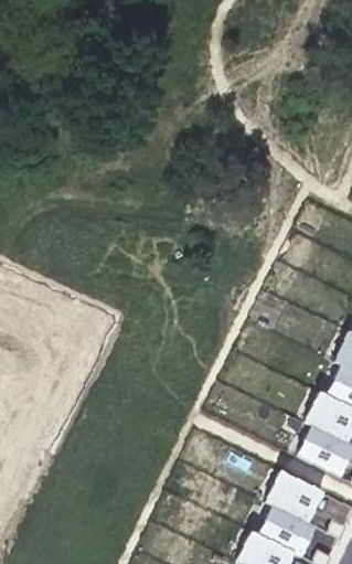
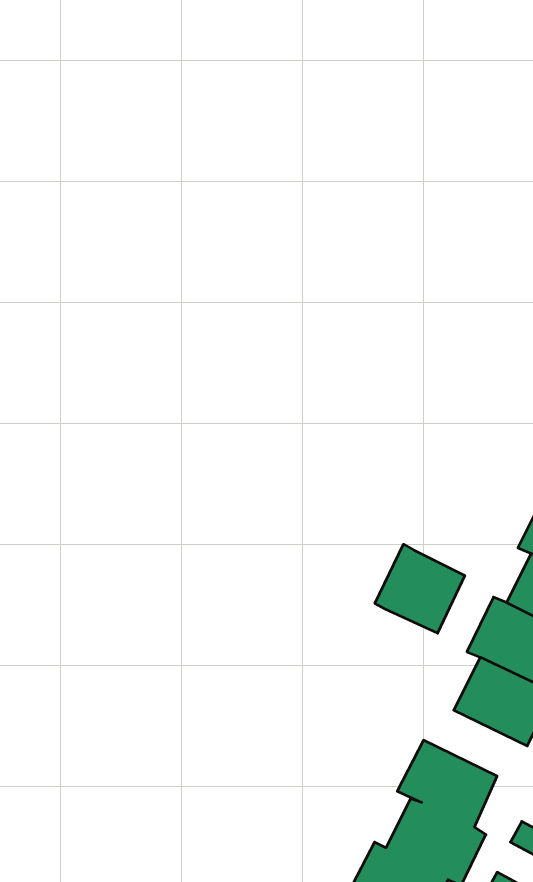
building: none -> [375,544,465,633]

